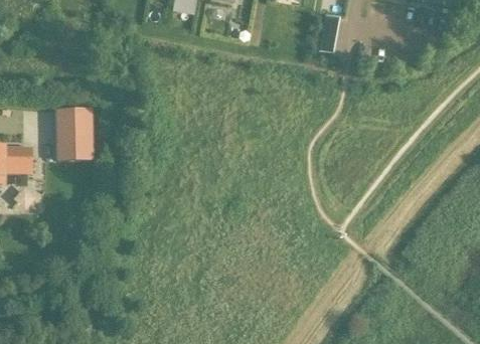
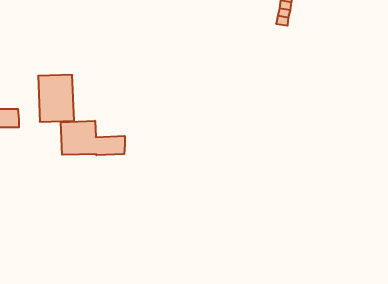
building: none -> [61,121,125,155]

